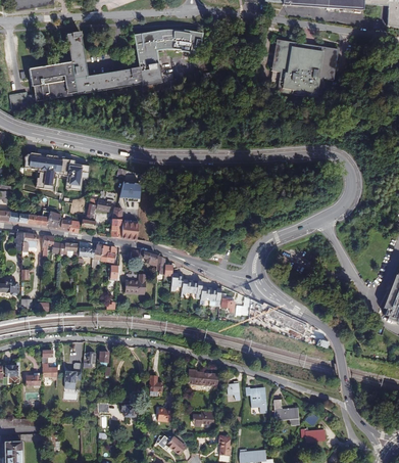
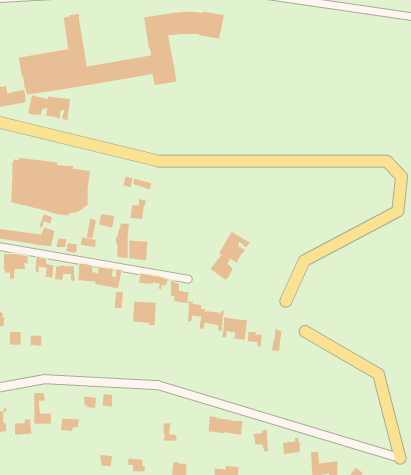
building: [271,38,338,97] -> none
building: none -> [28,94,71,121]
building: none -> [210,231,251,281]

